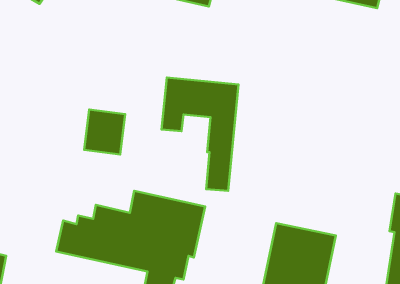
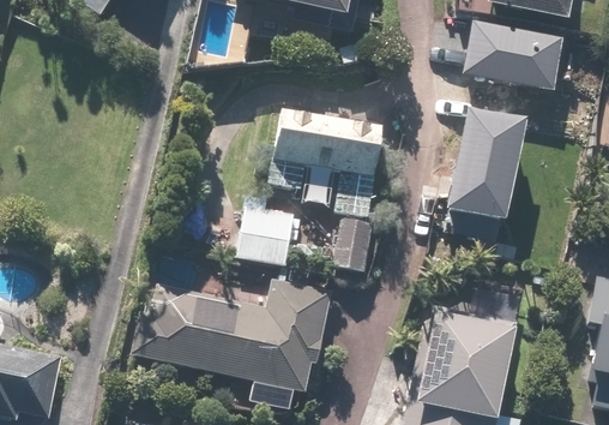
building: none -> [463,18,565,96]
building: none -> [440,121,520,244]
building: [84,110,125,154] -> [240,203,296,264]

